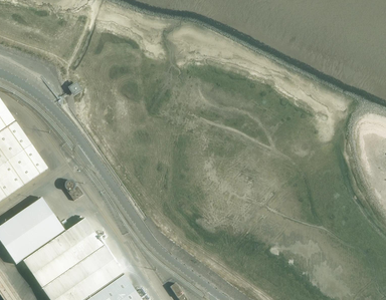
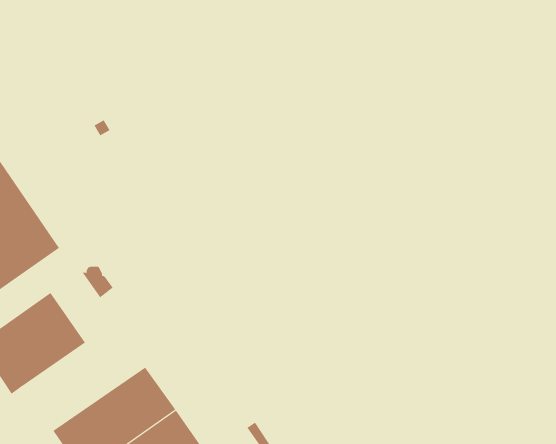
building: [22,217,104,288] -> none

